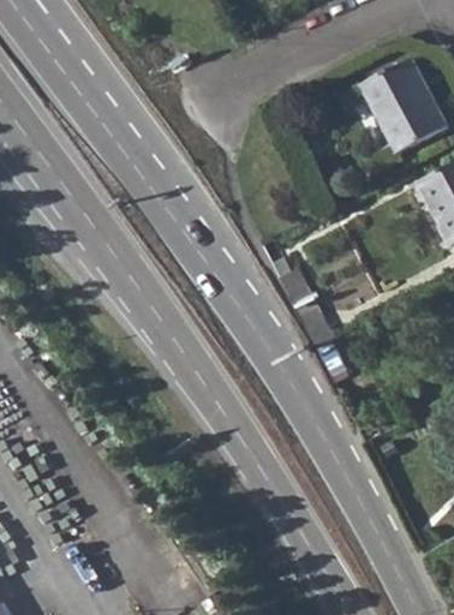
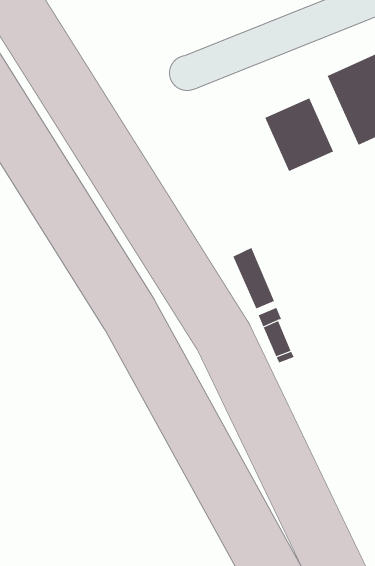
building: none -> [265,98,334,172]

